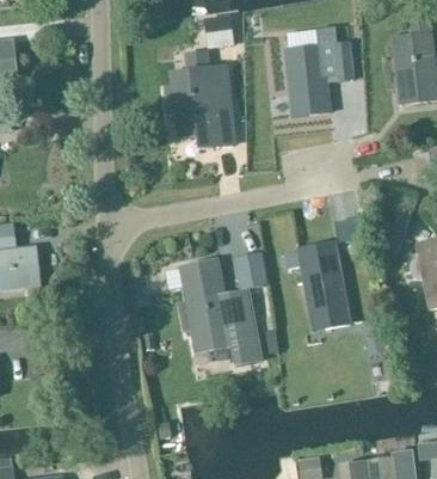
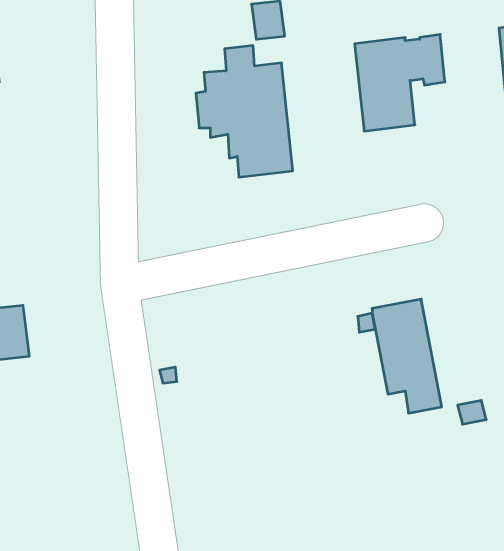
building: [234,248,267,284] -> none
building: [179,258,264,363] -> none

